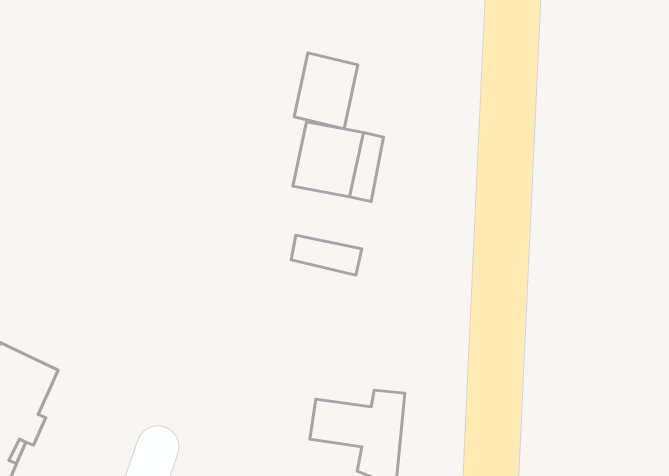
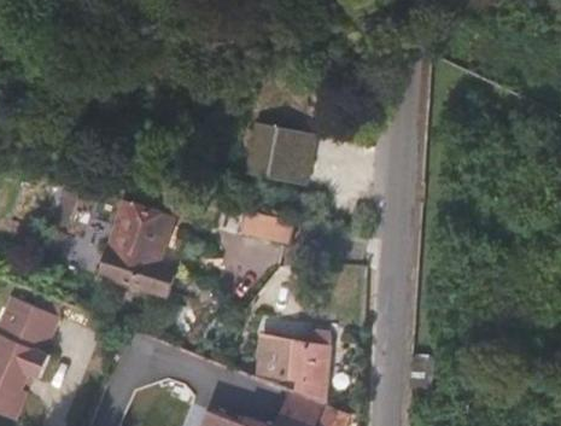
building: [294,53,358,129] -> none
building: none -> [97,198,176,294]

